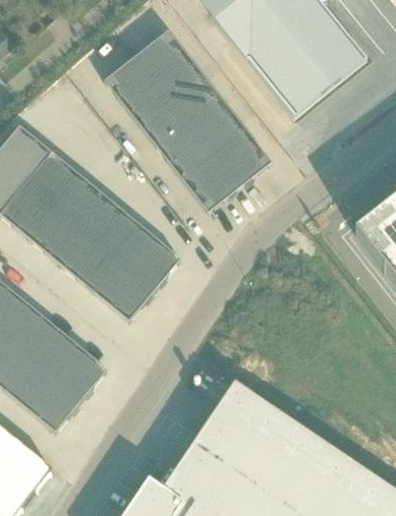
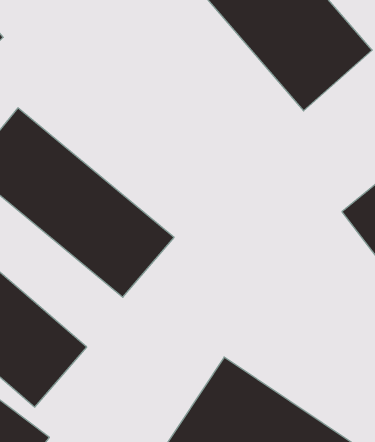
building: [105,27,273,210] -> none

